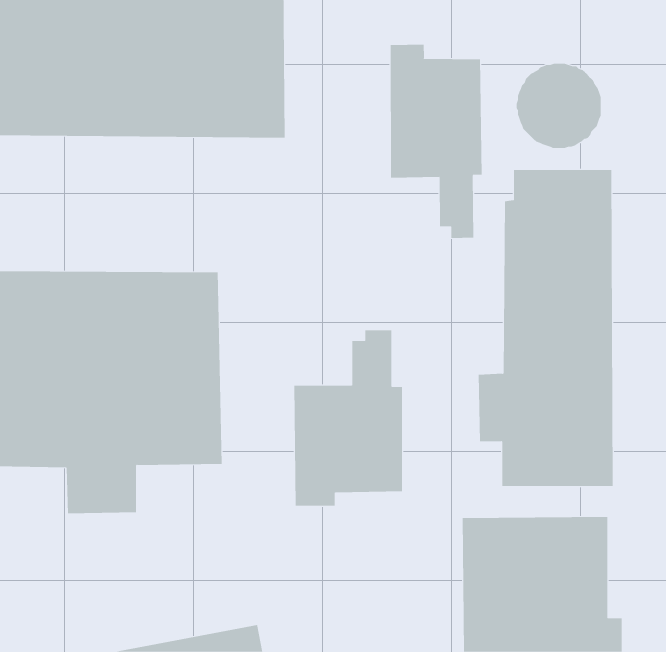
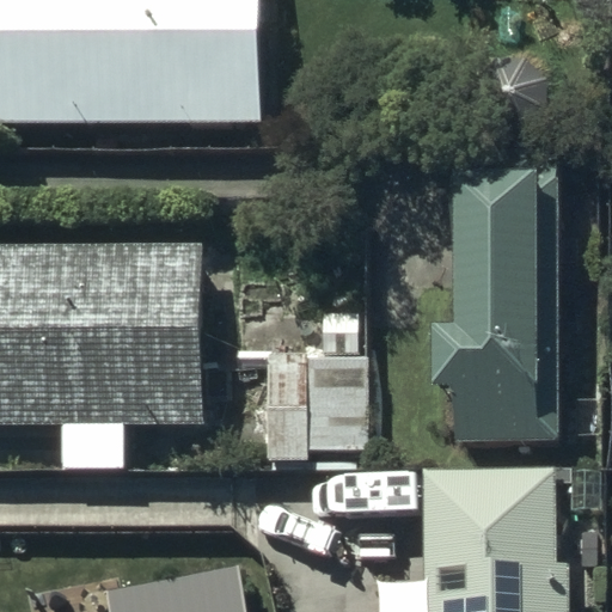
building: [390,44,482,239] -> none

